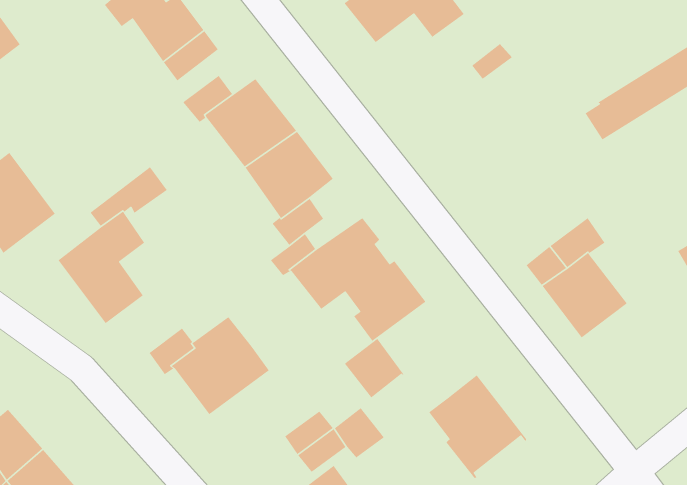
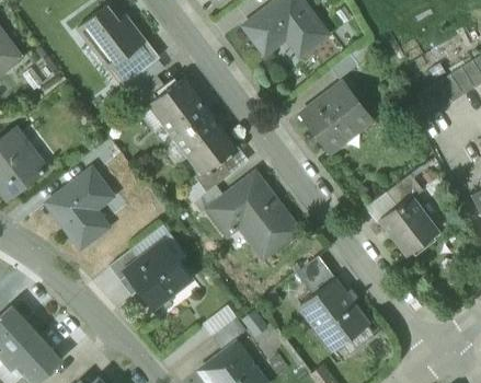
building: none -> [300,81,374,153]
building: none -> [133,225,188,263]
building: [344,338,405,399] -> [296,256,337,298]

